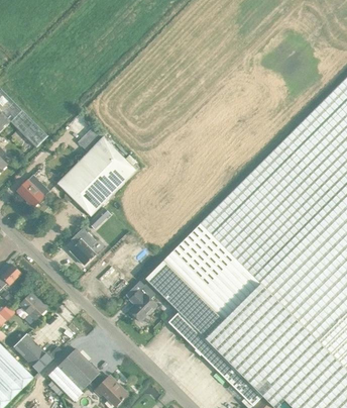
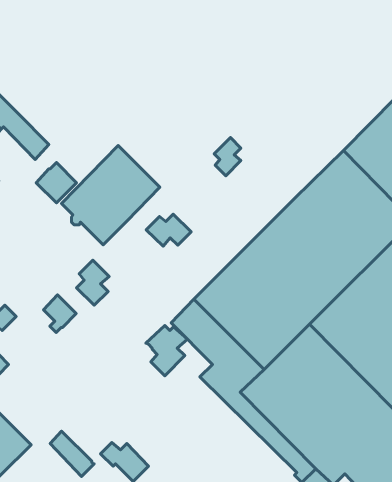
building: none -> [214,137,241,176]
building: [17,175,49,207] -> [36,163,77,203]
building: none -> [146,214,191,246]
building: [20,293,46,323] -> [44,295,76,332]
building: [14,333,51,373] -> none
building: [57,348,100,390] -> none

